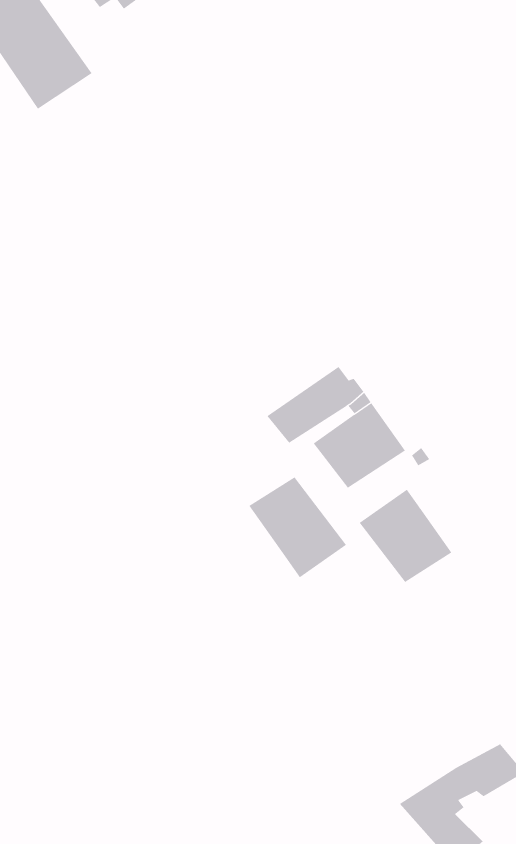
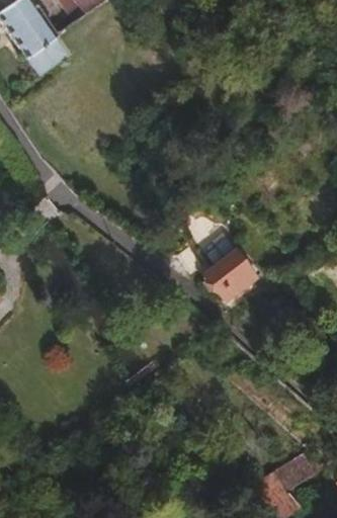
building: [248,476,347,578] -> none
building: [359,489,452,583] -> none

